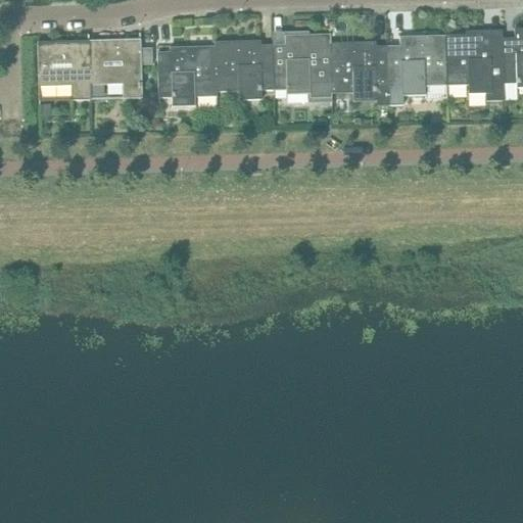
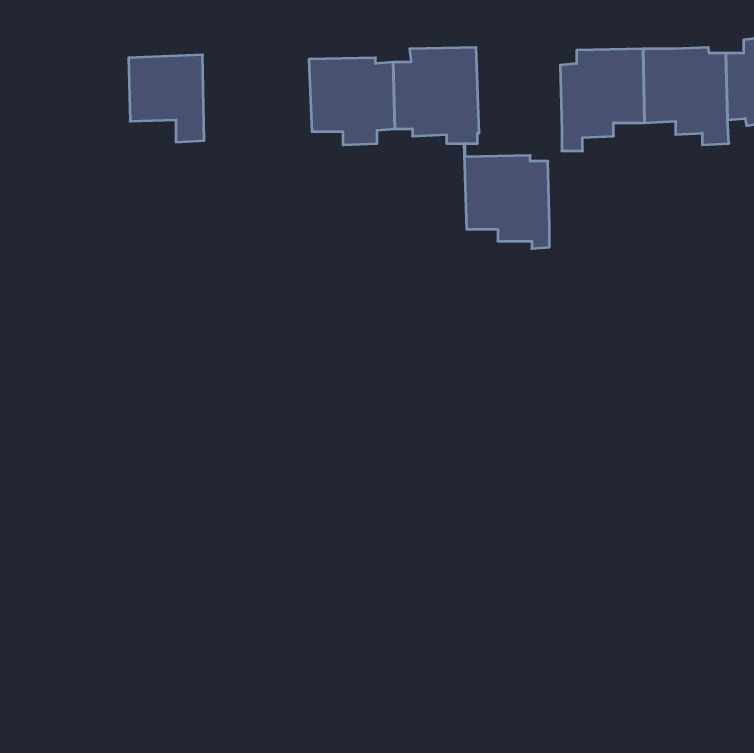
building: [330,33,389,105] -> [464,143,549,249]
building: [38,40,92,99] -> none
building: [157,41,217,106] -> none

